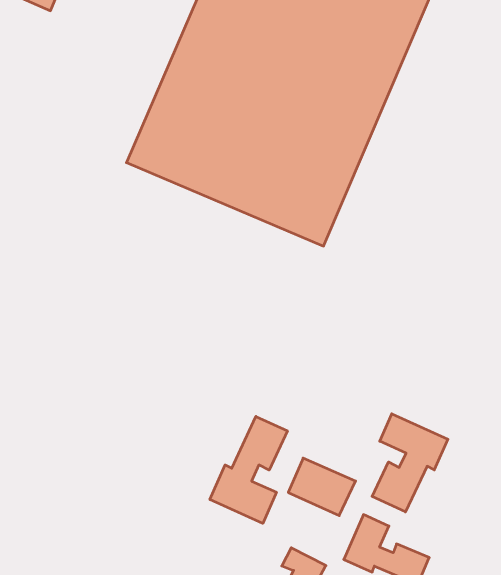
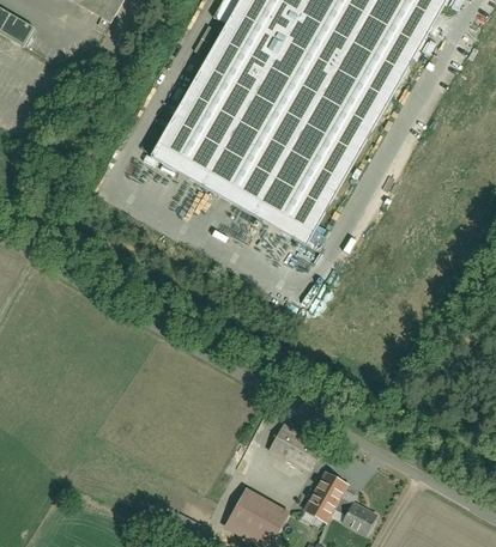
building: [372,414,448,512] -> none
building: [210,416,287,523] -> none

